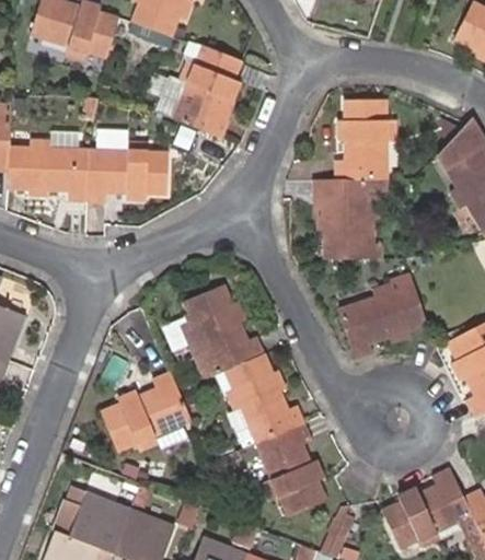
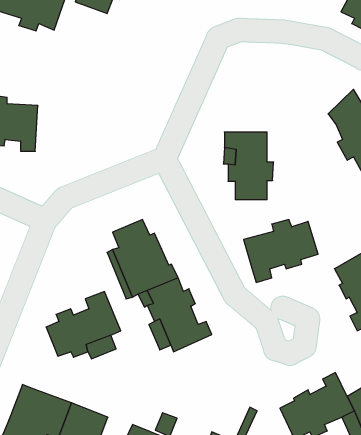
building: [181,48,247,141] -> none
building: [335,98,394,180] -> none
building: [88,142,171,205] -> none
building: [254,423,321,516] -> none

